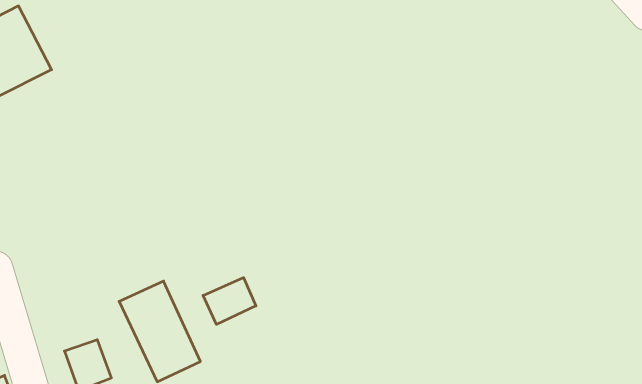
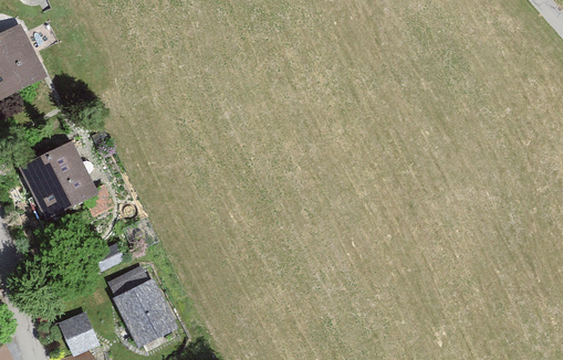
building: none -> [25,140,105,220]
building: [203,278,256,324] -> none

